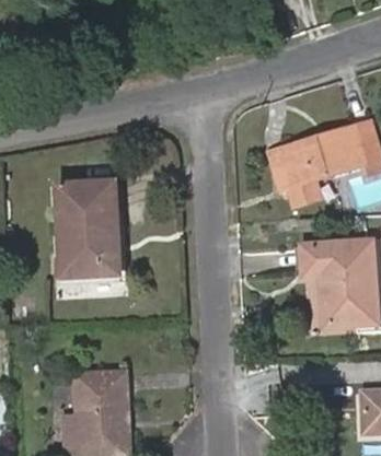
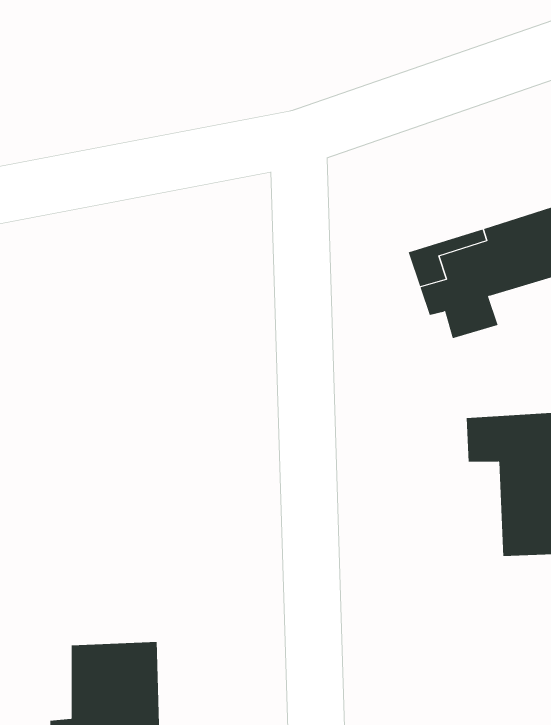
building: [57,182,118,274] -> none

